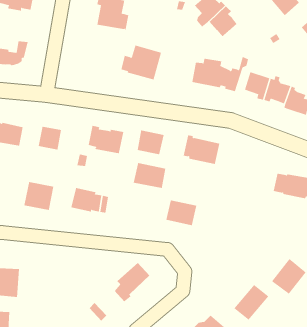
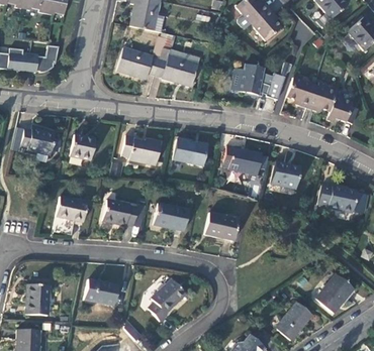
building: none -> [118,36,167,80]
building: none -> [276,163,310,192]
building: [133,163,166,188] -> [154,203,189,230]
building: none -> [85,279,118,306]

